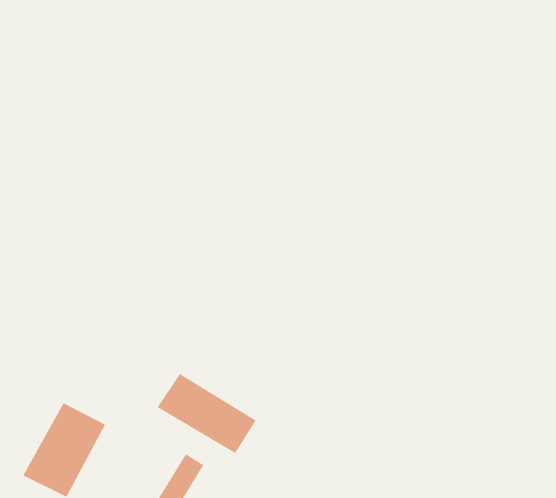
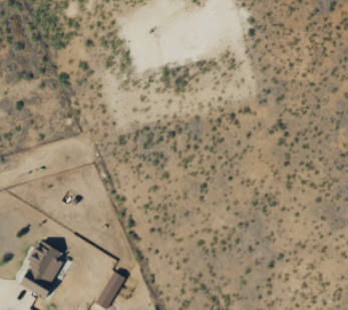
building: [157,373,257,454] -> none

